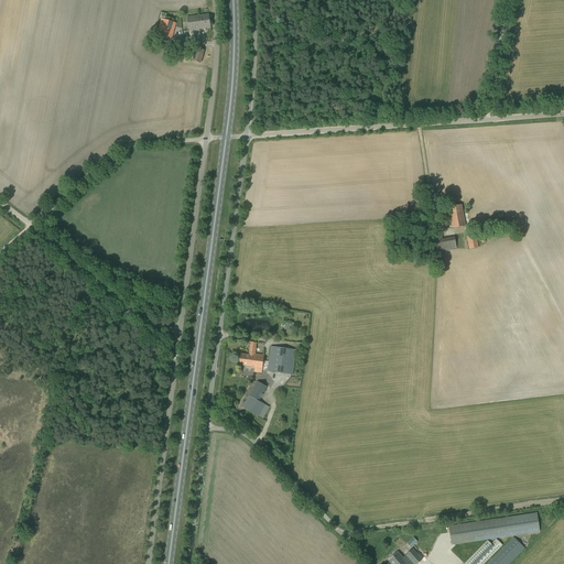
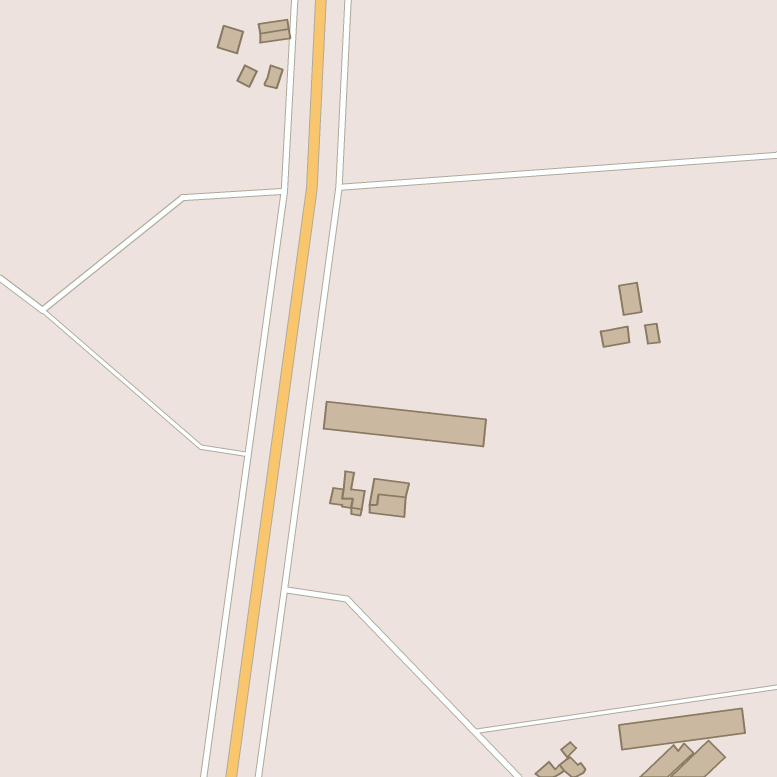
building: none -> [324,402,486,447]
building: [242,381,270,419] -> none

